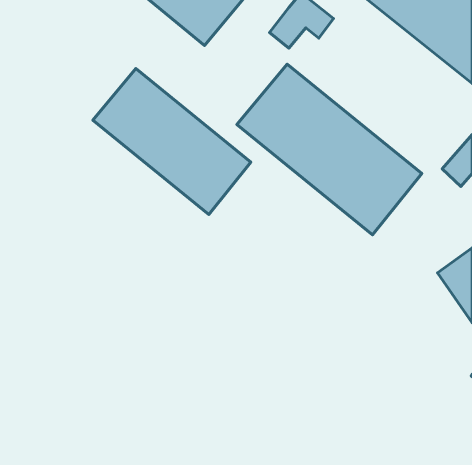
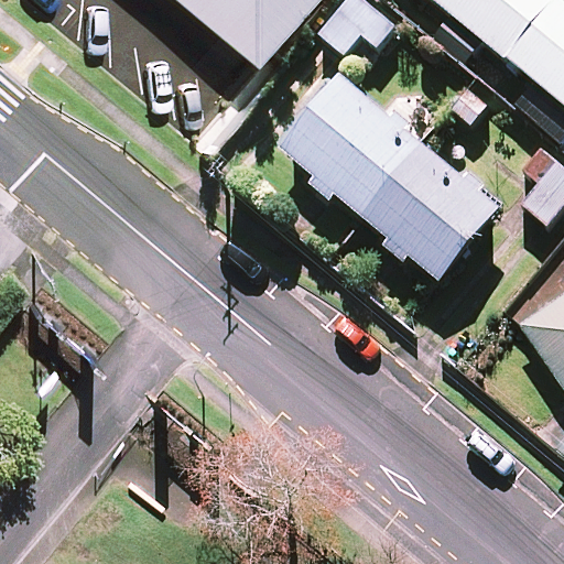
building: [93,68,251,215] -> none

